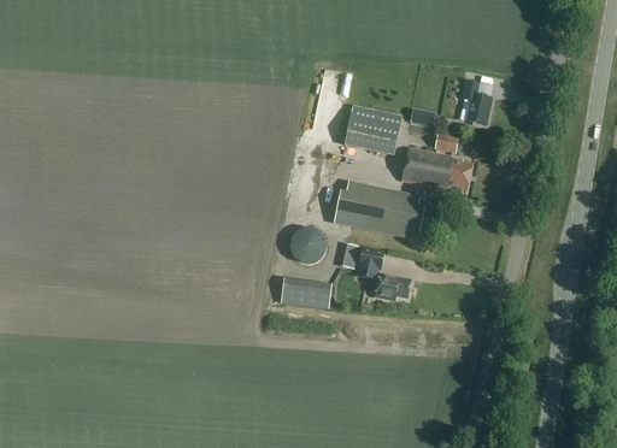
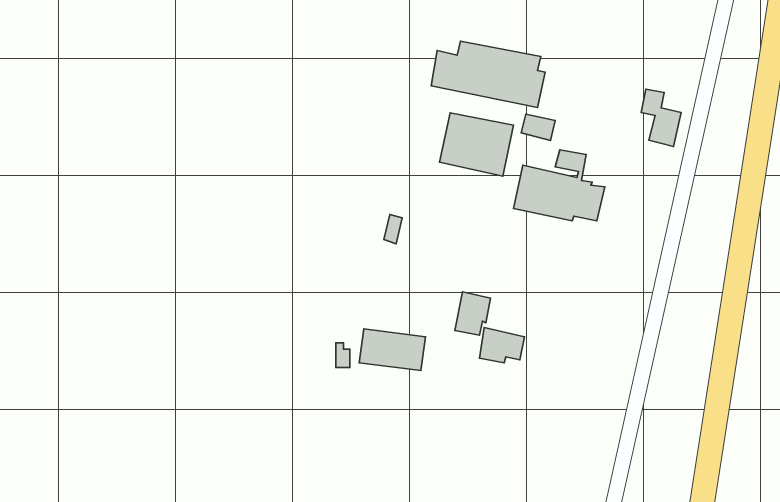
building: [460,81,492,125] -> [641,89,681,146]
building: [334,184,423,236] -> [431,41,545,108]
building: [289,229,325,264] -> none

